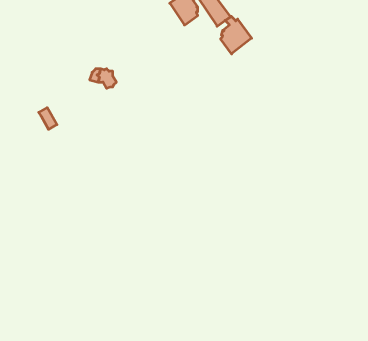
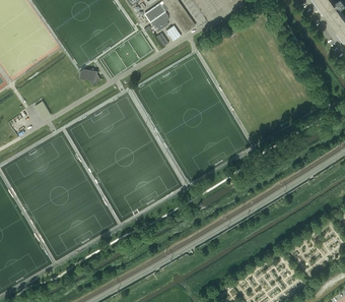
building: [221,16,252,54] -> none

